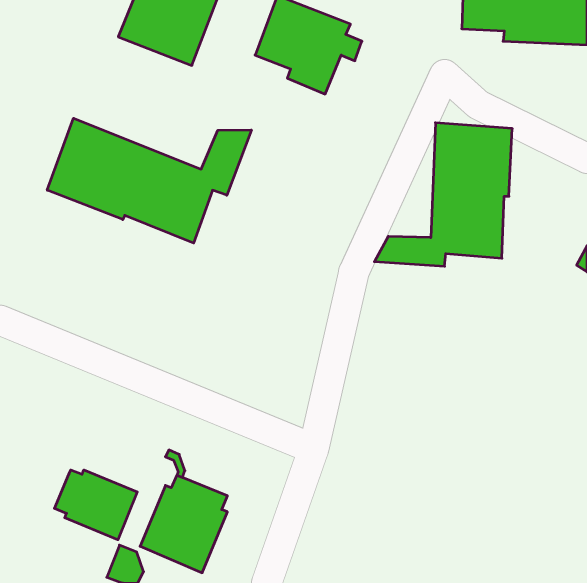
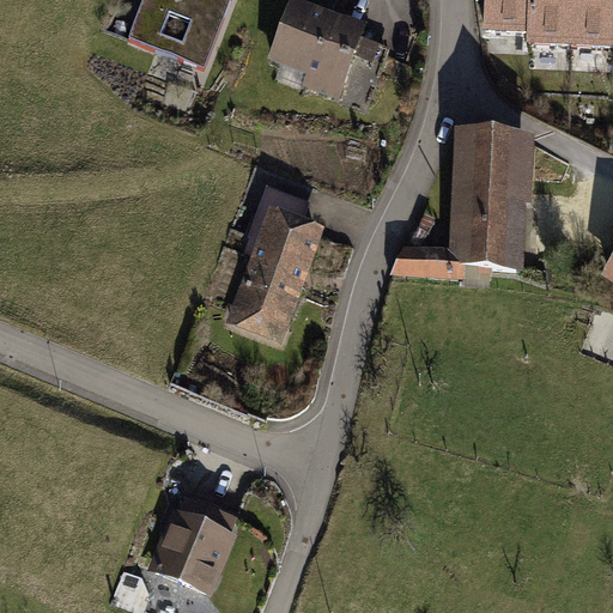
building: [47,118,251,243] -> none
building: none -> [225,187,324,344]
building: [54,470,137,540] -> none

